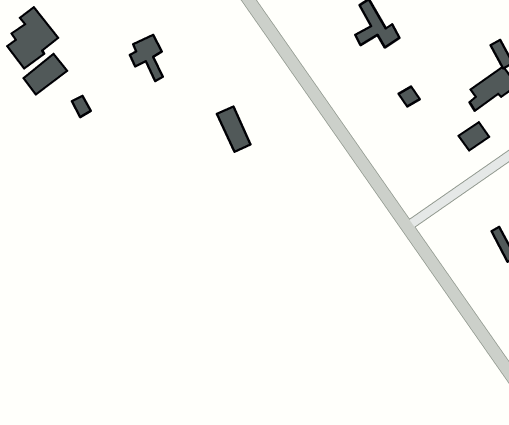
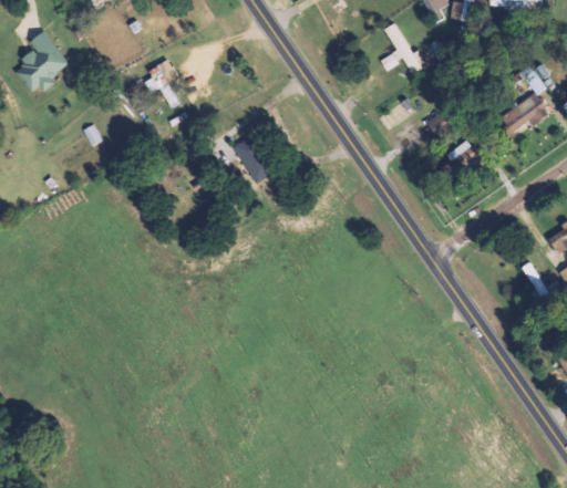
building: [23,54,67,95] -> none
building: [459,122,489,151] -> [446,139,478,169]

